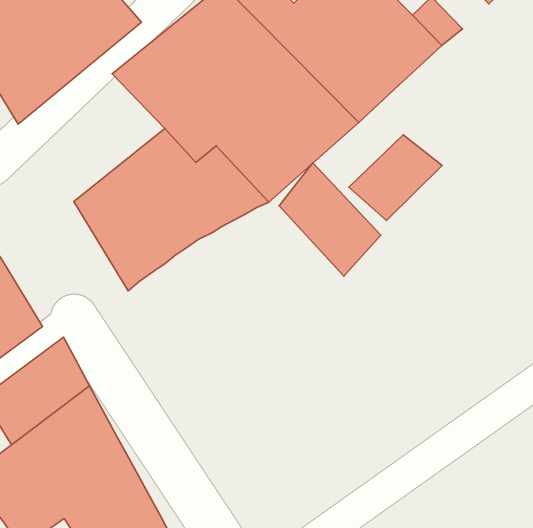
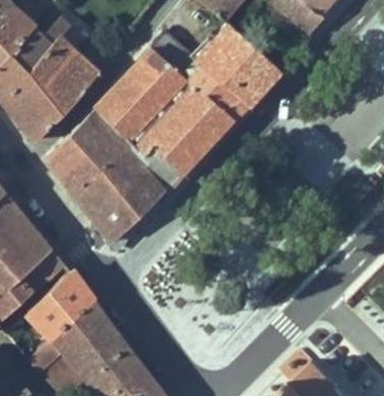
building: none -> [45,108,123,187]
building: [349,135,442,220] -> none
building: [279,163,381,276] -> none

